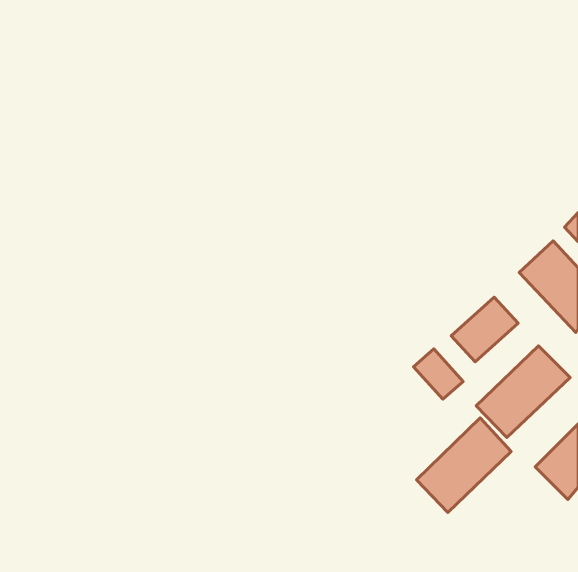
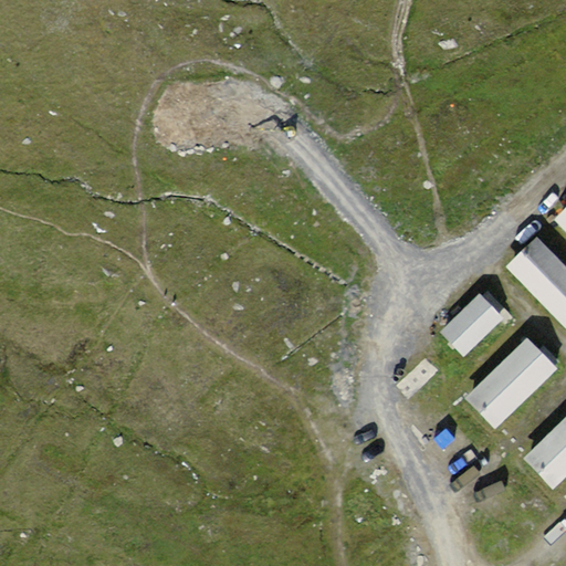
building: [414,349,463,399] -> none
building: [417,418,511,512] -> none

